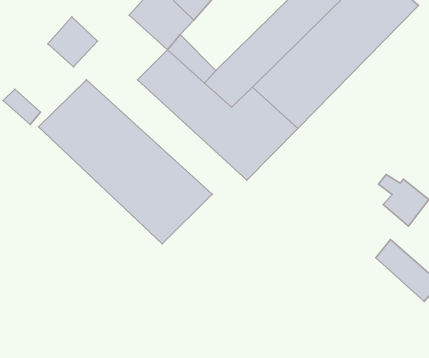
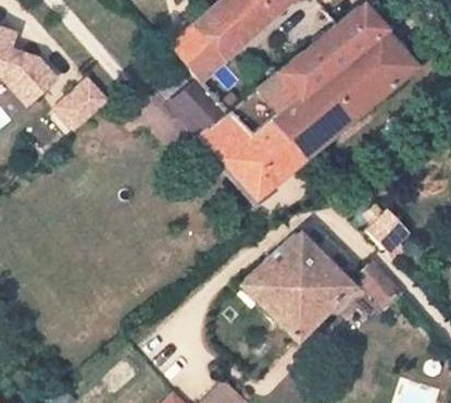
building: [48,17,98,67] -> [67,78,110,121]
building: [38,80,212,244] -> none
building: none -> [238,231,352,341]

